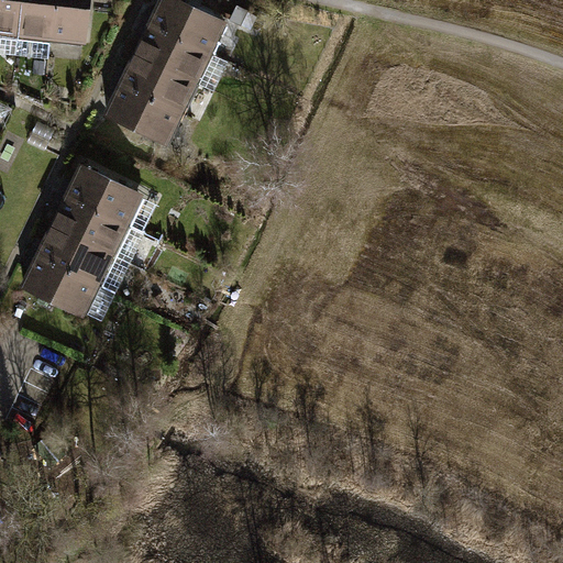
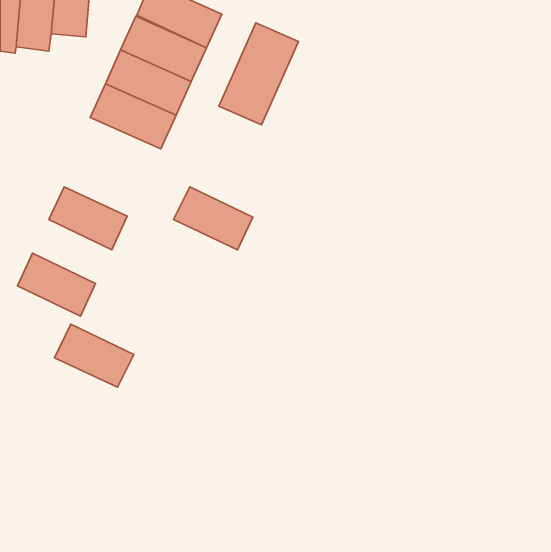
building: none -> [219,23,299,125]
building: [69,155,150,219] -> [174,187,253,250]
building: [37,222,118,286] -> [55,324,134,387]

